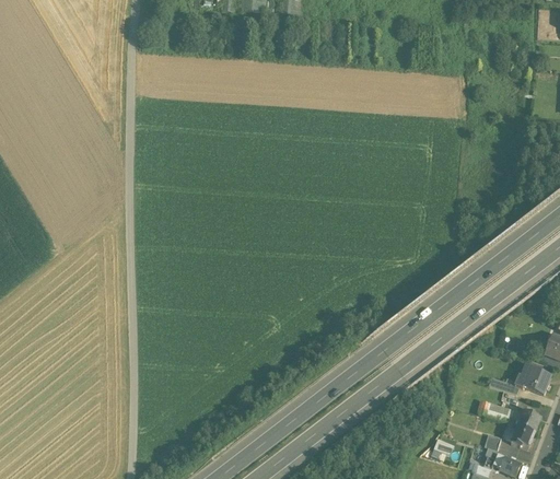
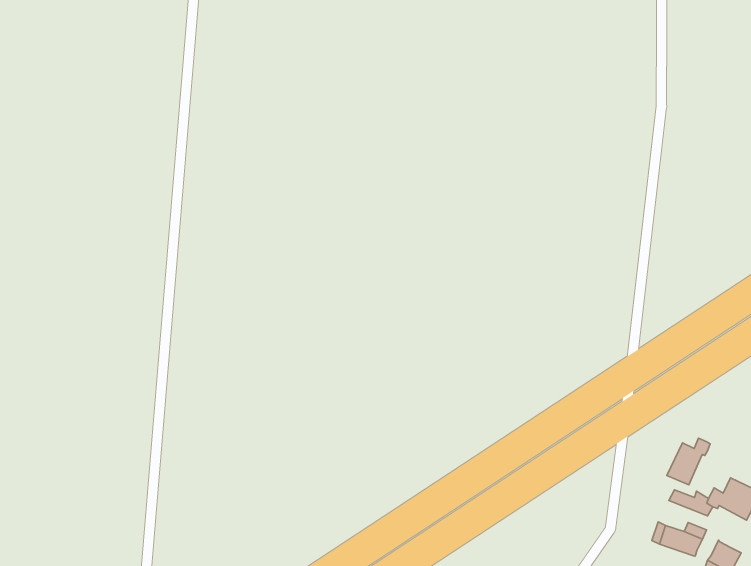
building: none -> [667,438,710,485]

